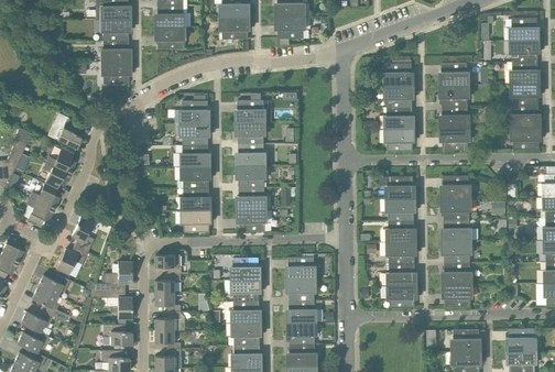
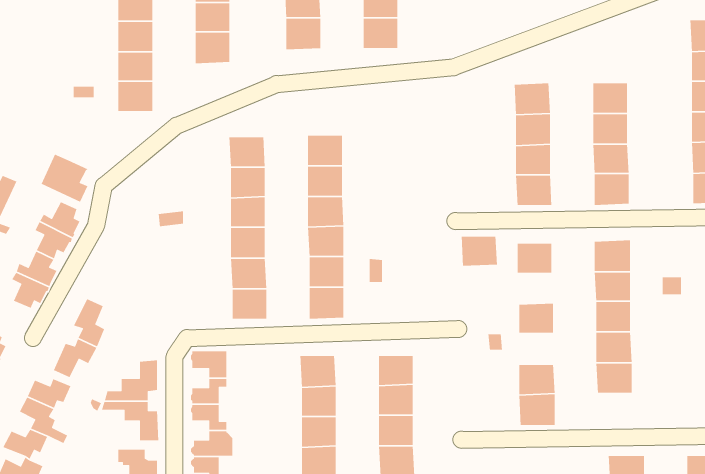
building: [388,199,414,221] -> [461,236,498,267]
building: [389,242,414,264] -> none
building: [445,285,470,307] -> none

